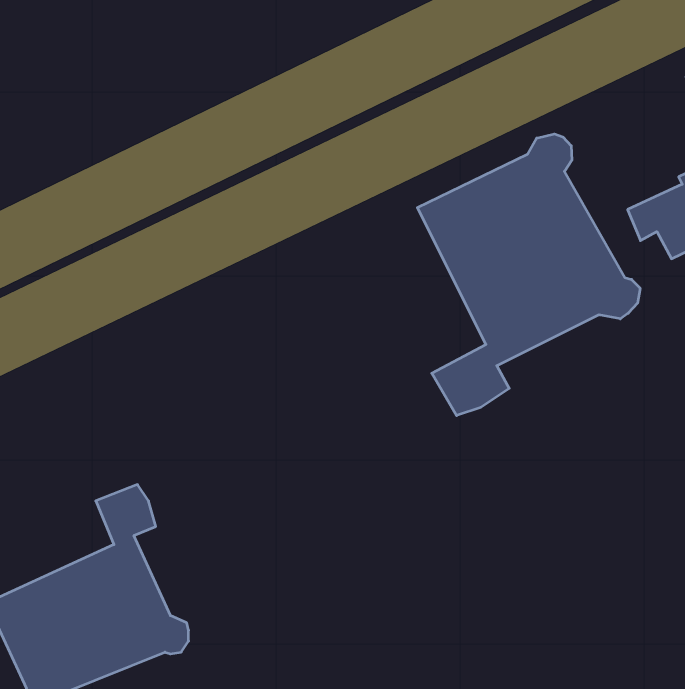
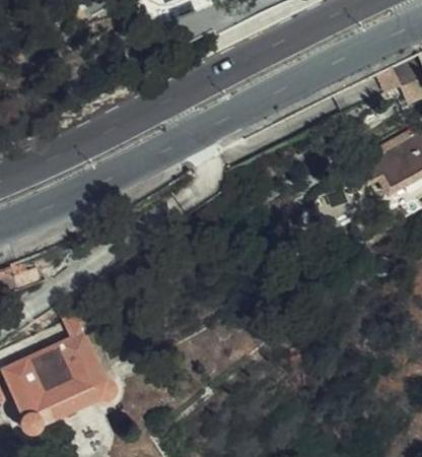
building: [417,134,640,416] -> none

